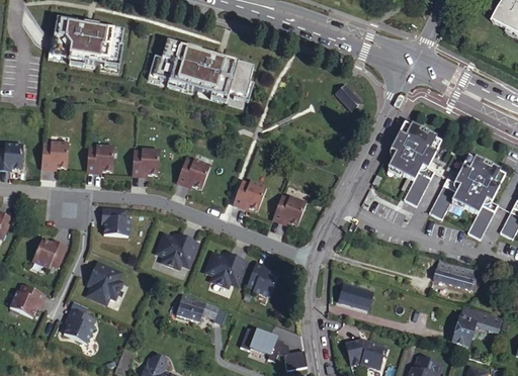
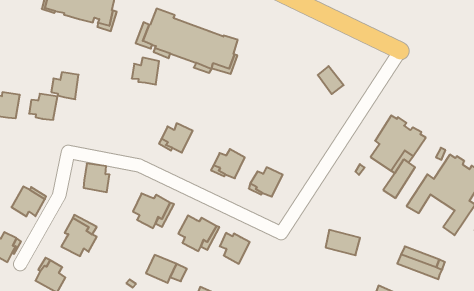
building: [87,144,113,170] -> [51,72,79,99]
building: [133,147,159,173] -> [132,58,159,85]
building: [337,286,371,309] -> [326,230,360,255]

